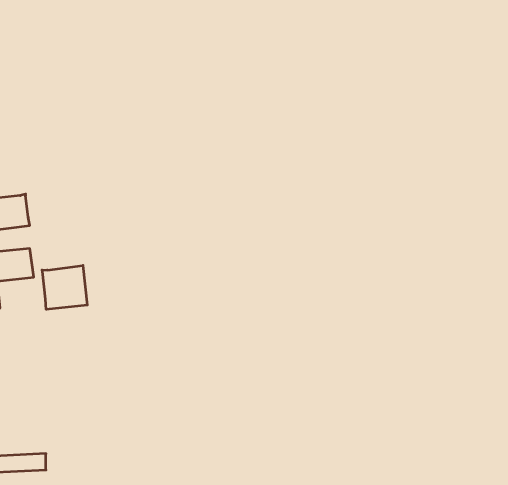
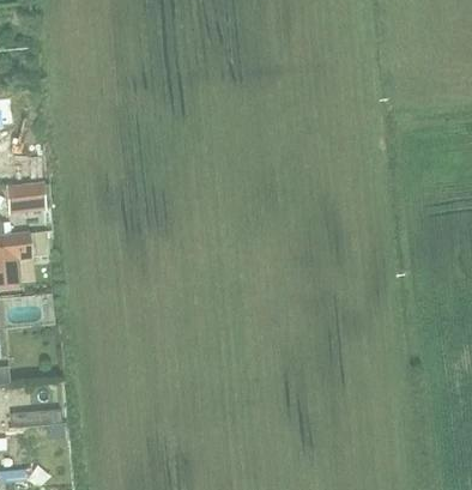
building: [42,265,87,309] -> none

